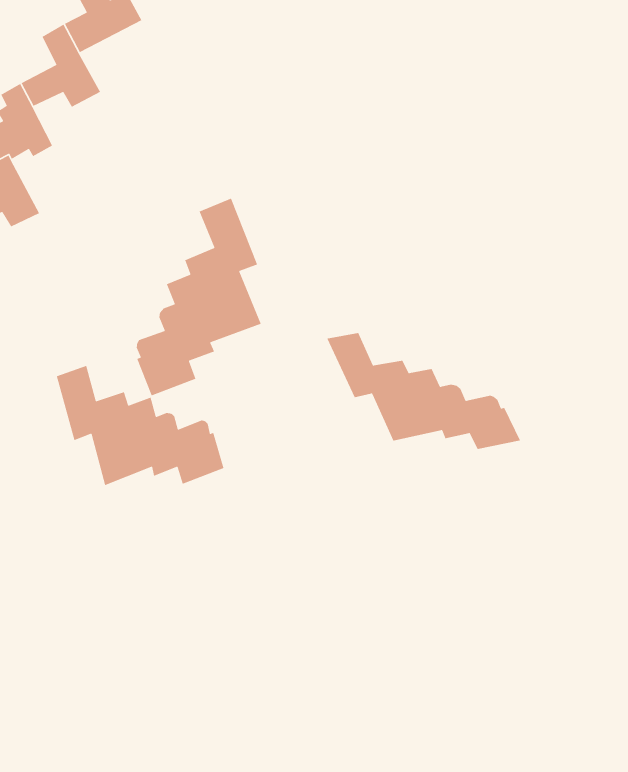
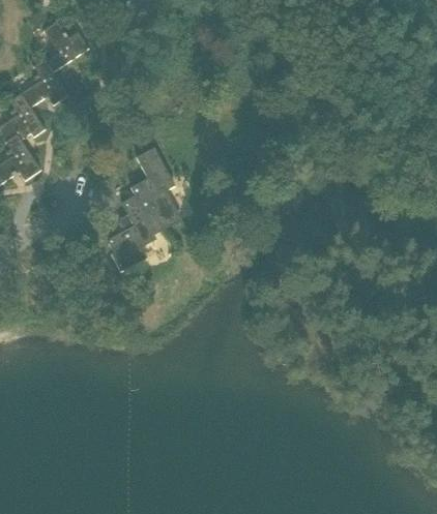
building: [326,332,521,450] -> none
building: [56,365,225,486] -> none

